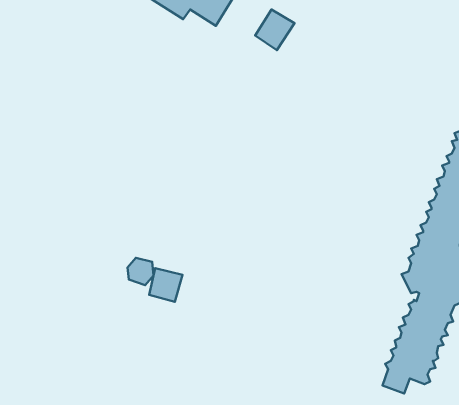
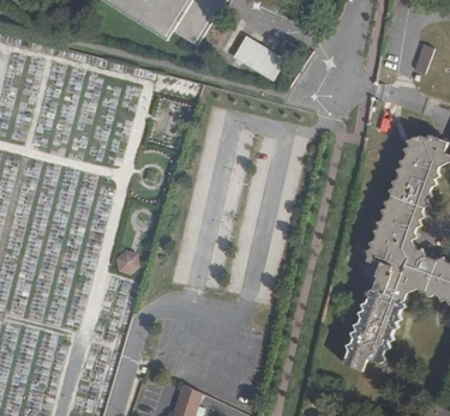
building: none -> [250,43,284,79]
building: [149,268,183,302] -> none

